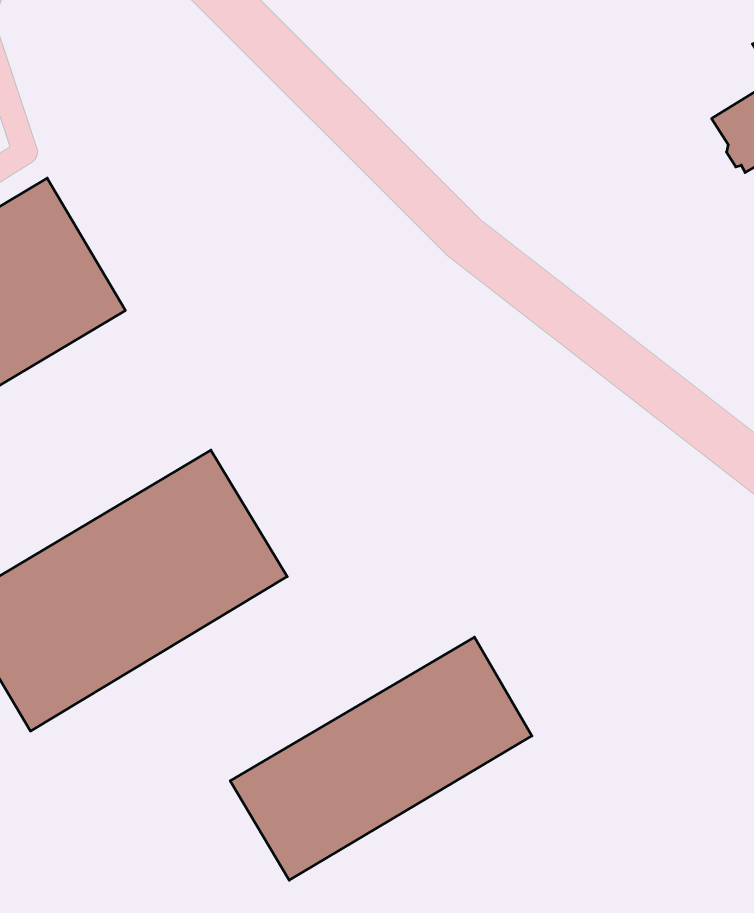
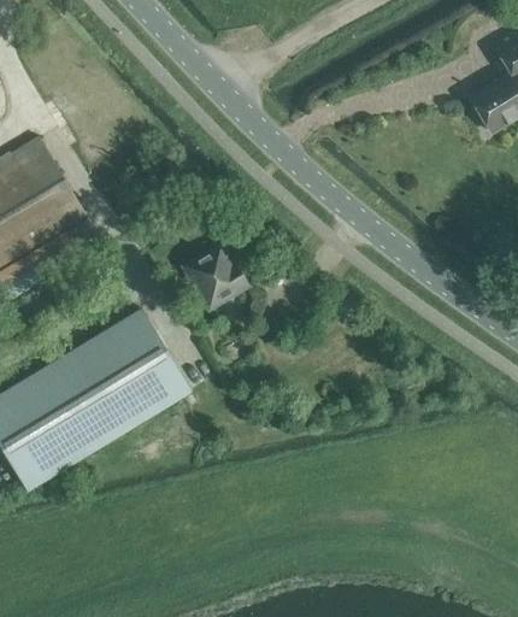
building: none -> [182,242,247,306]
building: [230,637,532,880] -> none

